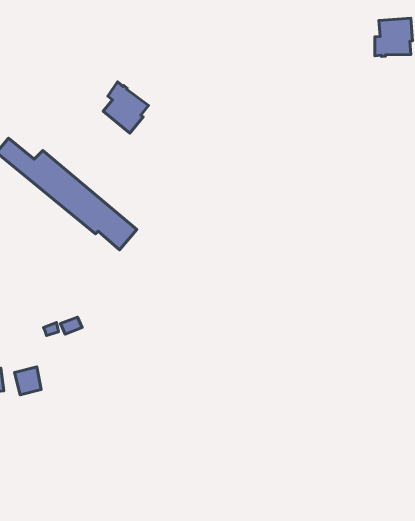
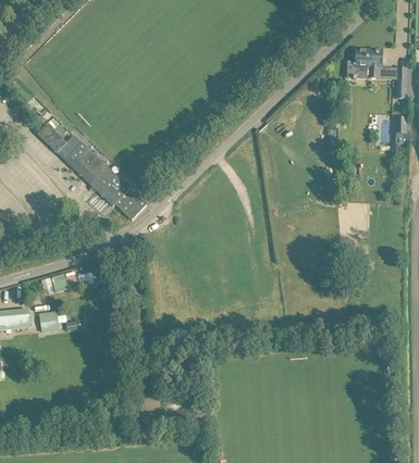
building: [103,82,149,133] -> none

